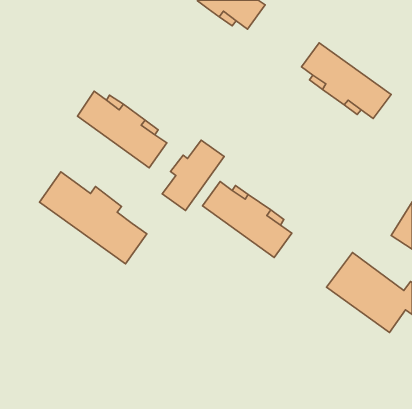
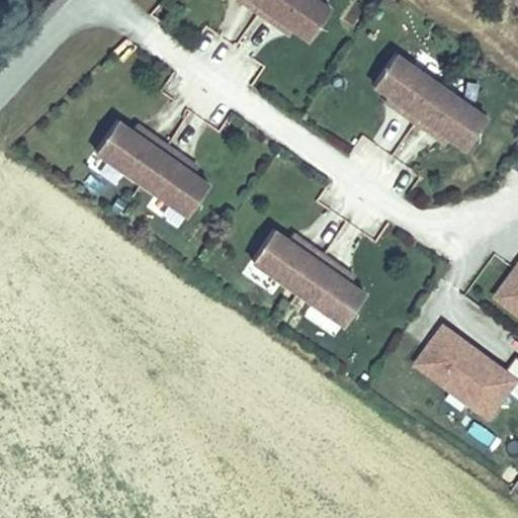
building: [162,140,224,210] -> none
building: [39,172,147,264] -> none

